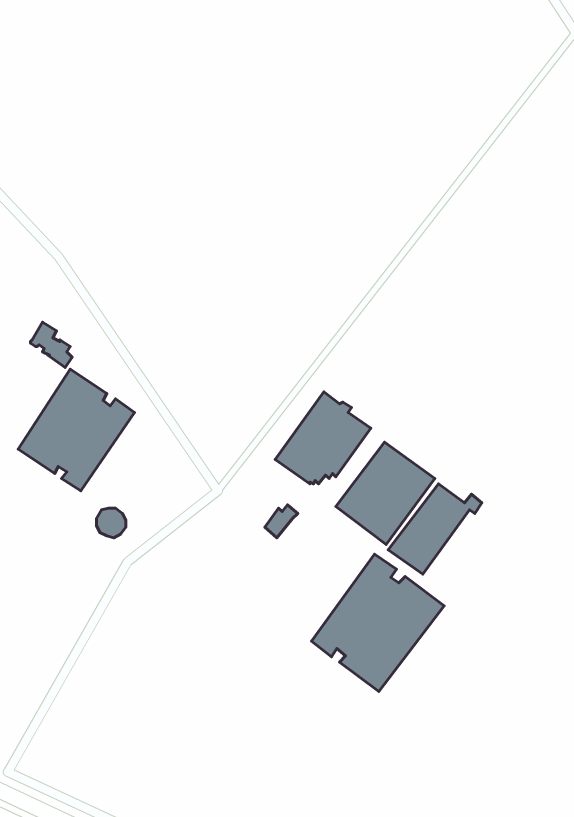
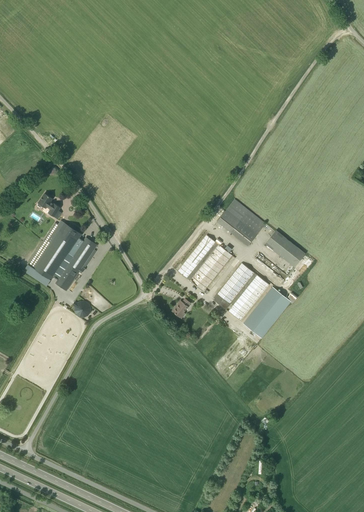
building: none -> [217,199,265,246]
building: none -> [265,230,305,267]
building: [311,554,444,692] -> none

